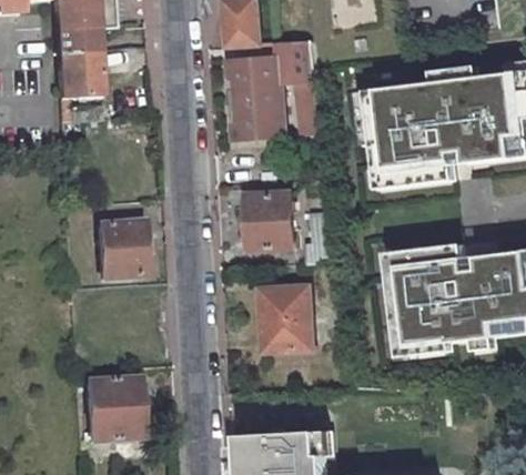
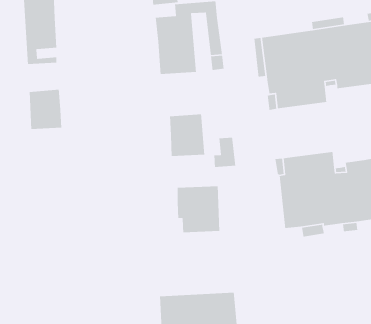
building: [99,224,143,279] -> [29,89,62,130]
building: [85,381,136,441] -> none

